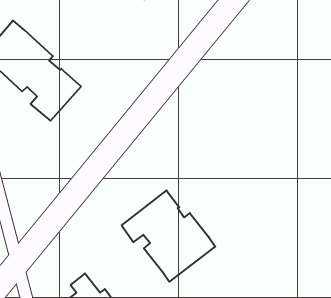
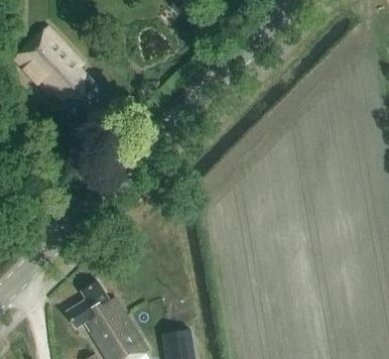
building: [122,190,215,282] -> none

